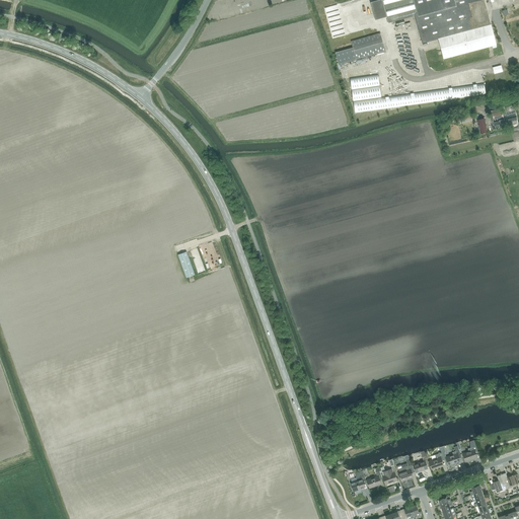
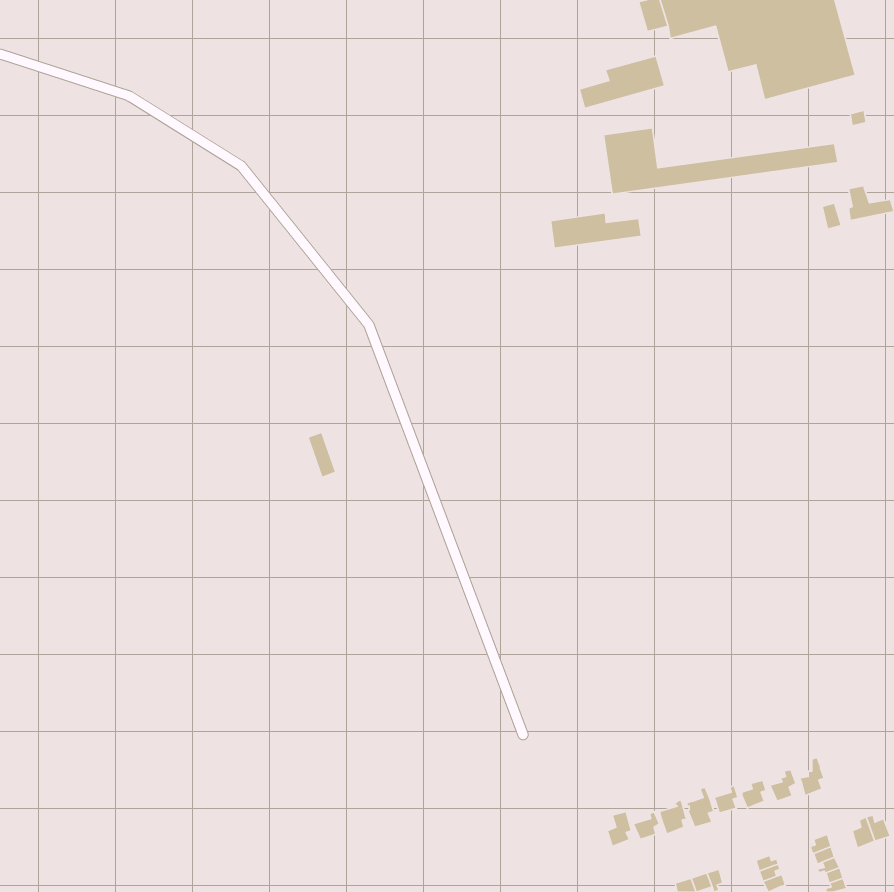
building: none -> [551,213,641,248]

